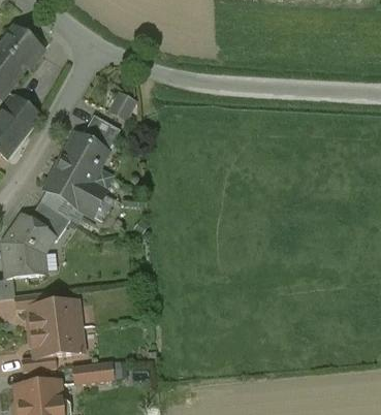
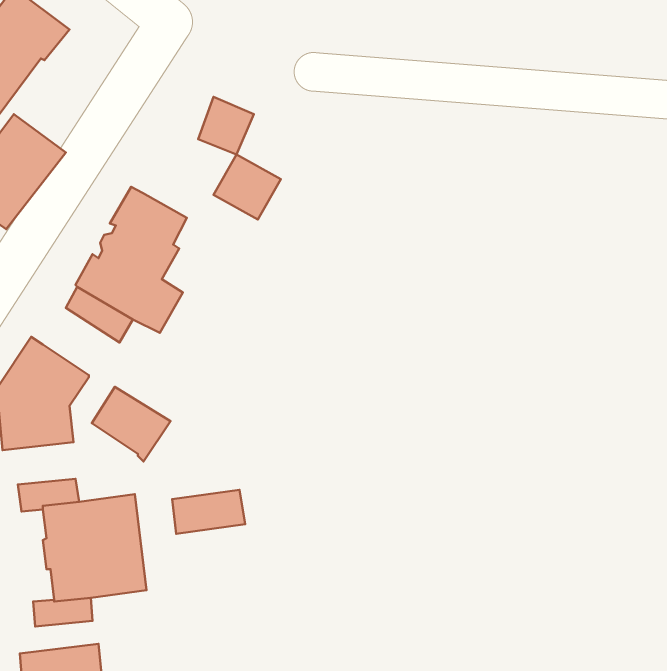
building: [83,116,119,151] -> [214,154,281,220]
building: [29,199,71,240] -> [92,387,171,462]
building: [74,360,114,384] -> [172,490,245,534]

